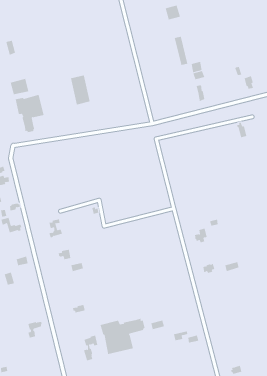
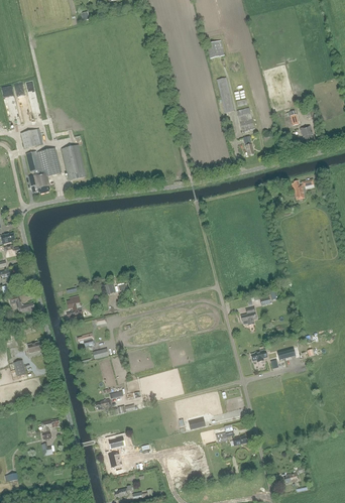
building: [70,75,91,105] -> [61,144,85,180]
building: [100,318,145,355] -> none

